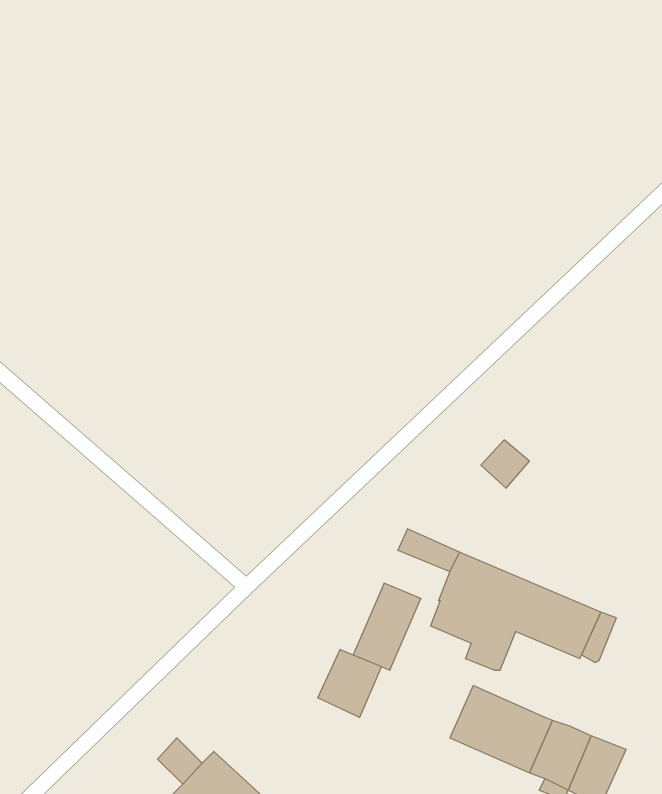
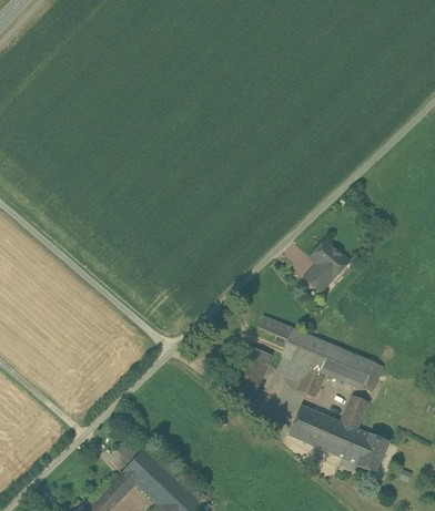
building: none -> [311,241,347,277]
building: [318,649,382,718] -> none
building: none -> [341,395,368,428]

